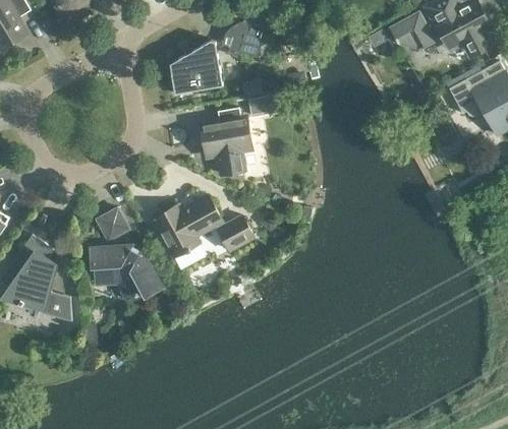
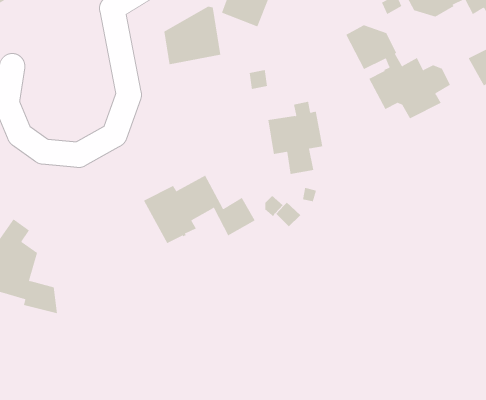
building: none -> [345,24,451,119]
building: [202,107,252,174] -> [268,101,323,174]
building: [93,207,161,300] -> none

